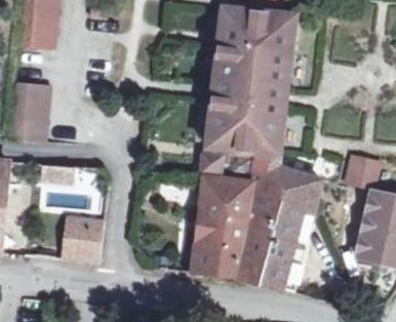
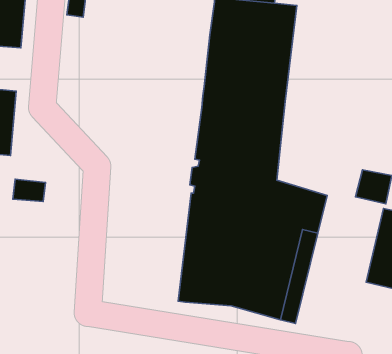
building: [65,216,102,260] -> none

